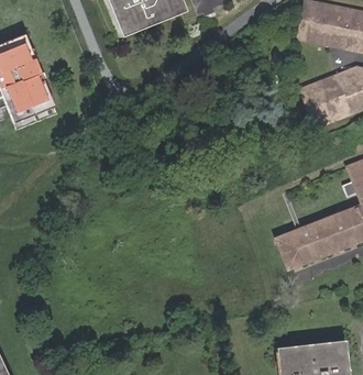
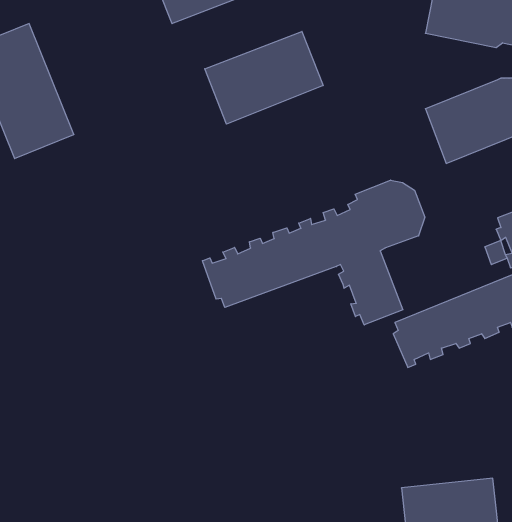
building: none -> [205,31,323,124]
building: none -> [202,180,425,325]

